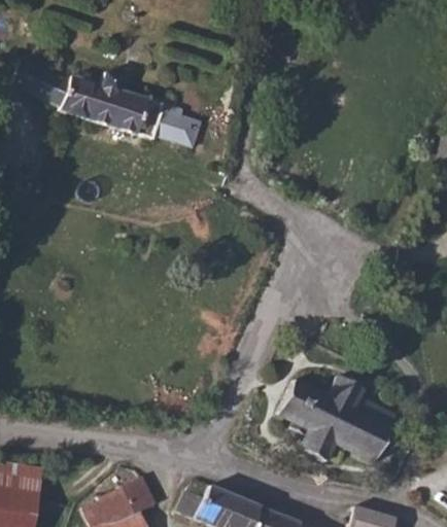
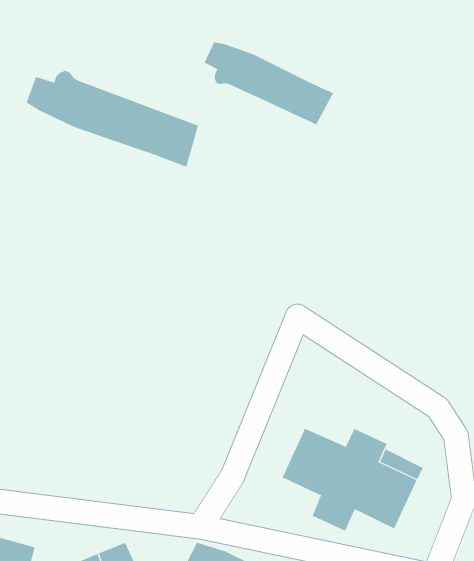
building: none -> [204,41,334,125]

